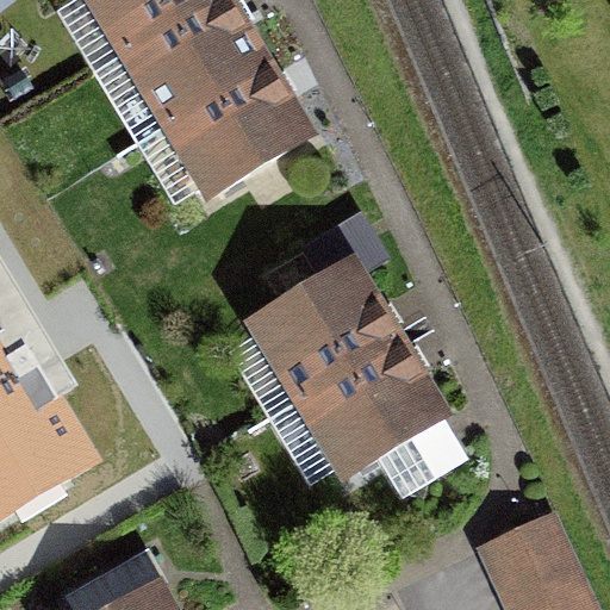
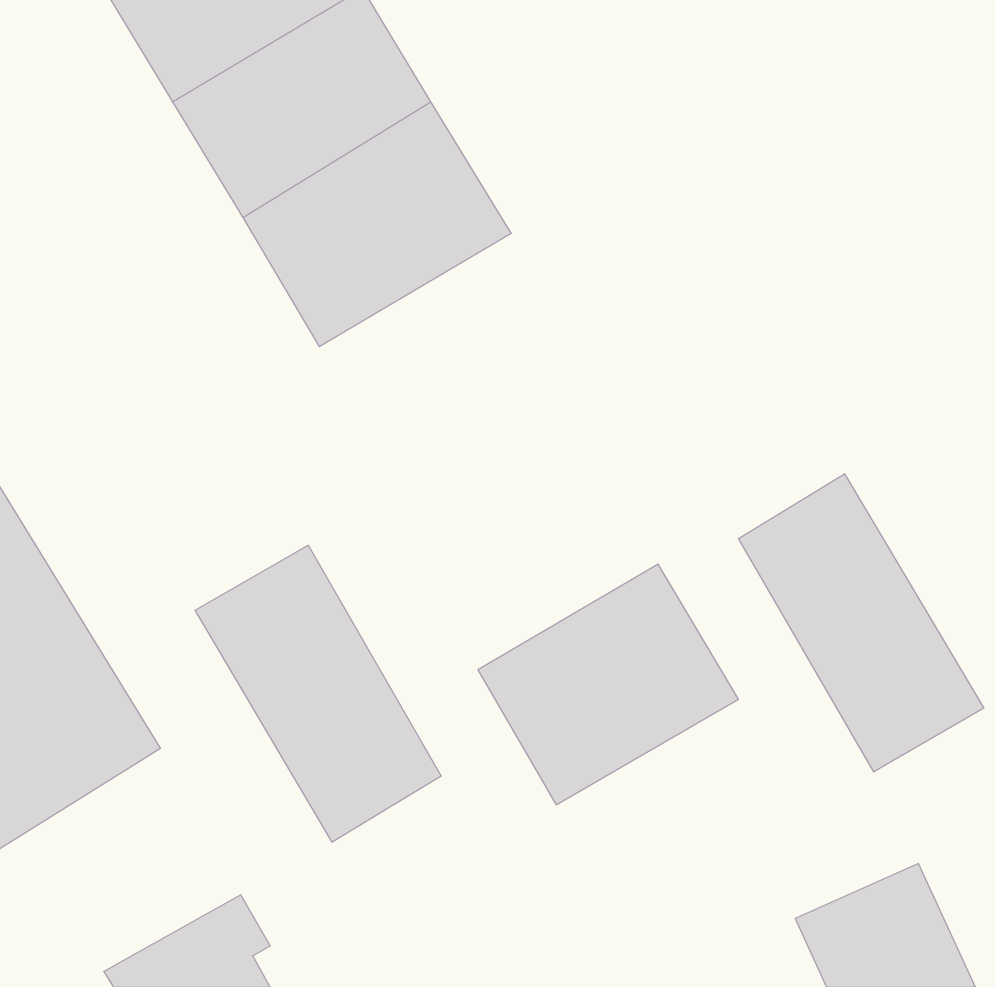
building: [244,263,400,407] -> none
building: none -> [739,474,984,772]
building: none -> [195,545,441,842]

